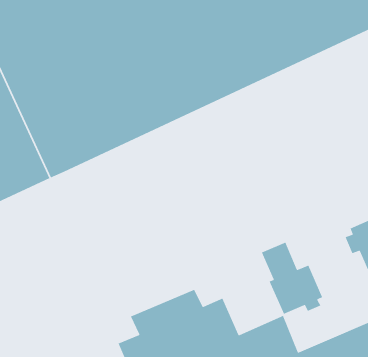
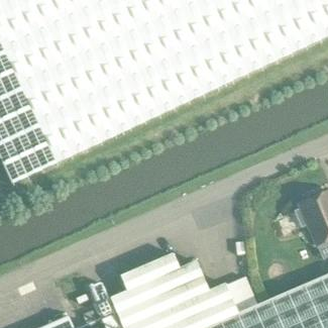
building: [261,241,323,315] -> none

